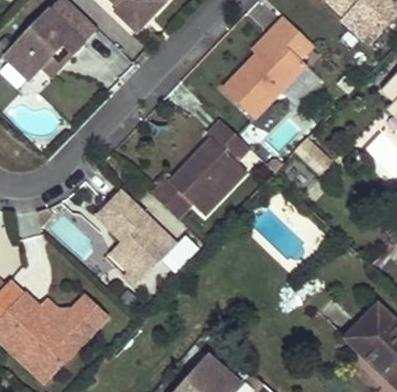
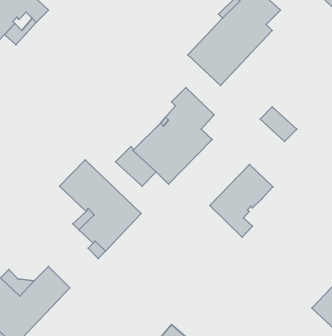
building: none -> [210,164,273,237]

